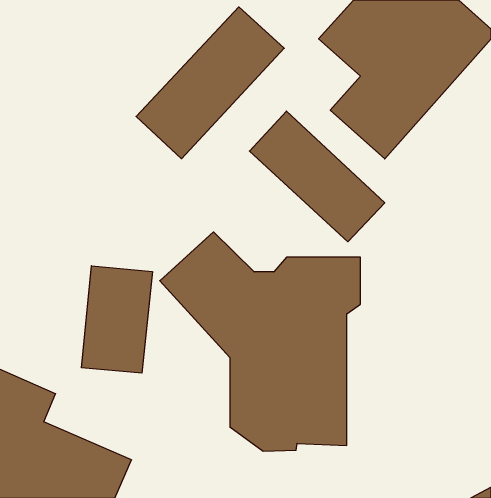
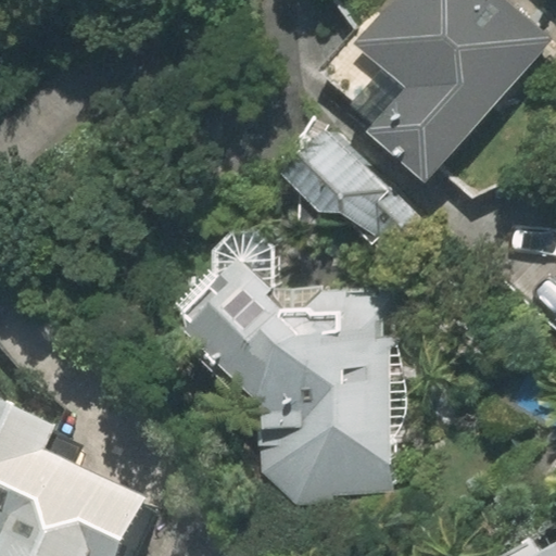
building: [136,7,284,159] -> none
building: [82,266,152,373] -> none

